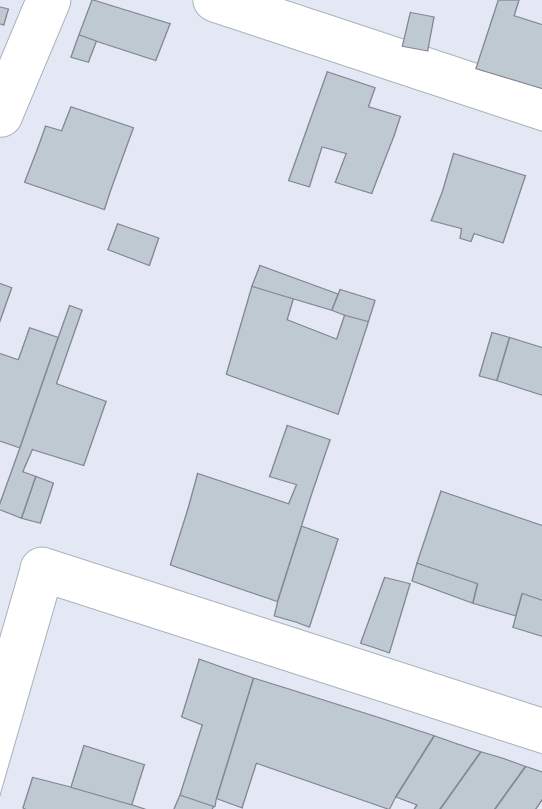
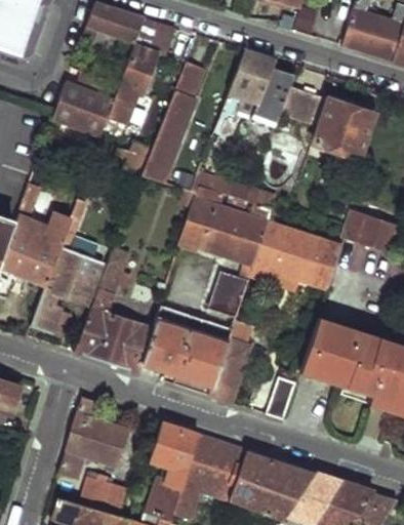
building: none -> [107,16,175,129]
building: none -> [144,62,203,183]
building: none -> [279,88,326,124]
building: none -> [252,210,340,293]
building: none -> [76,250,156,372]
building: none -> [59,397,130,478]

